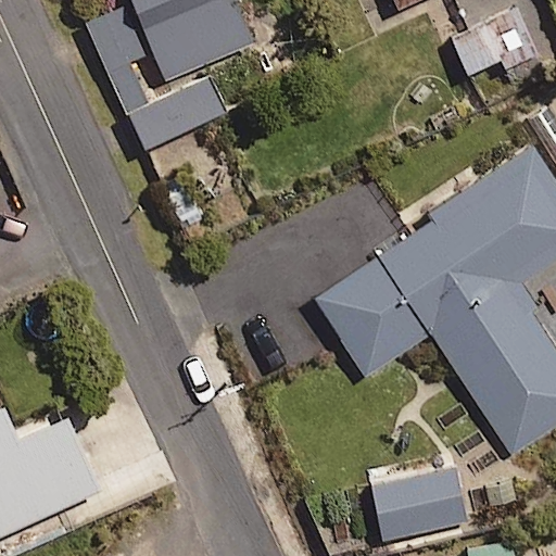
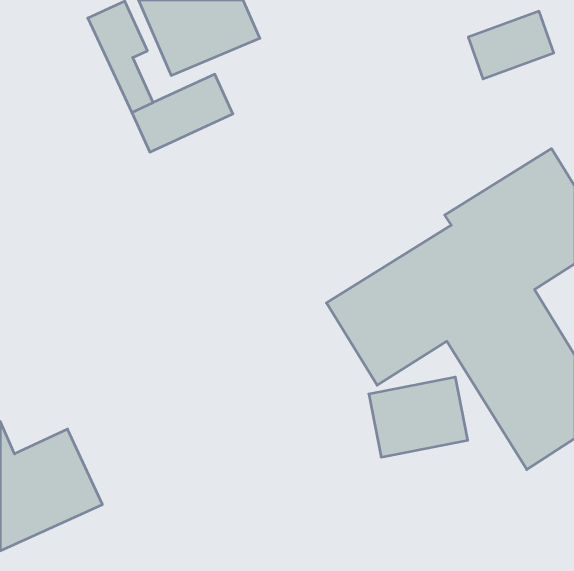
building: [370,464,466,541] -> [369,377,468,457]

